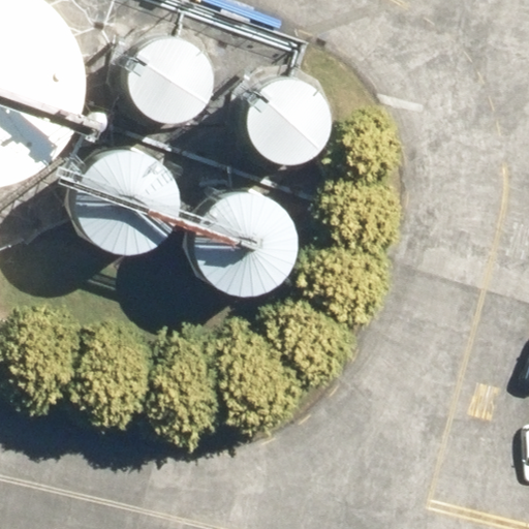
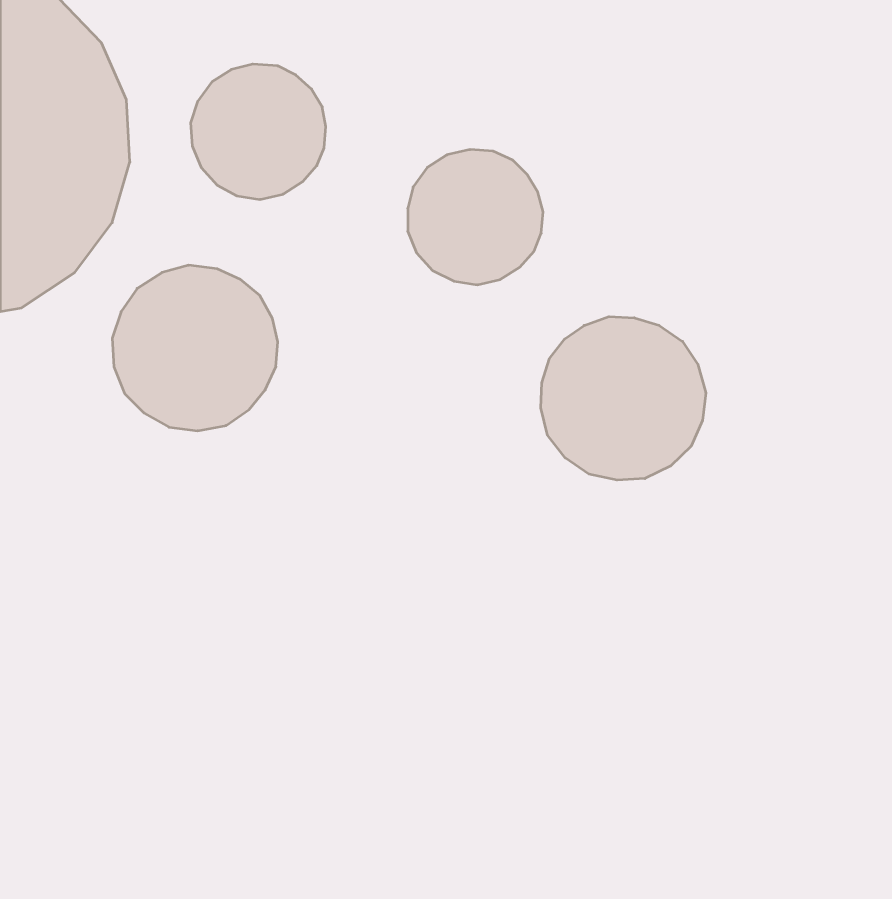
building: none -> [541,317,706,480]
building: [195,194,291,289] -> none

